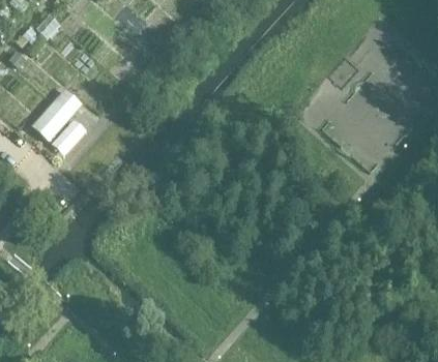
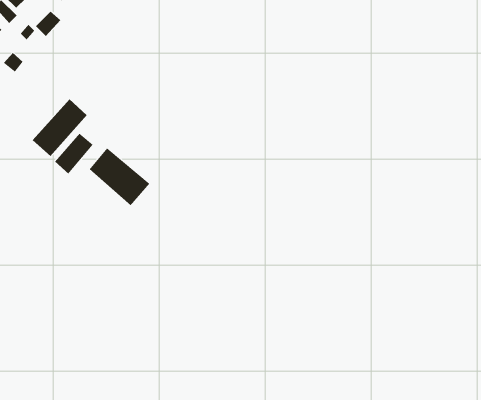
building: none -> [89,148,150,206]

